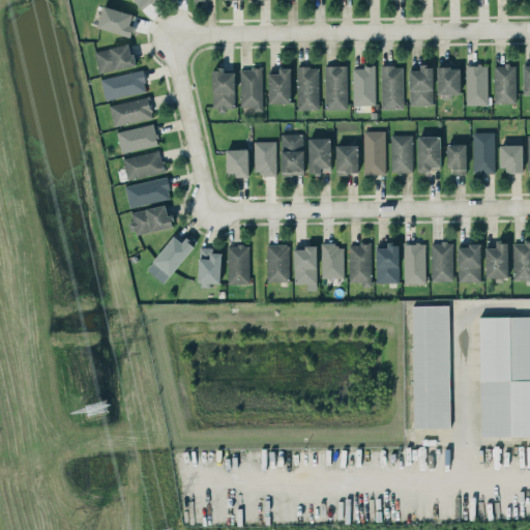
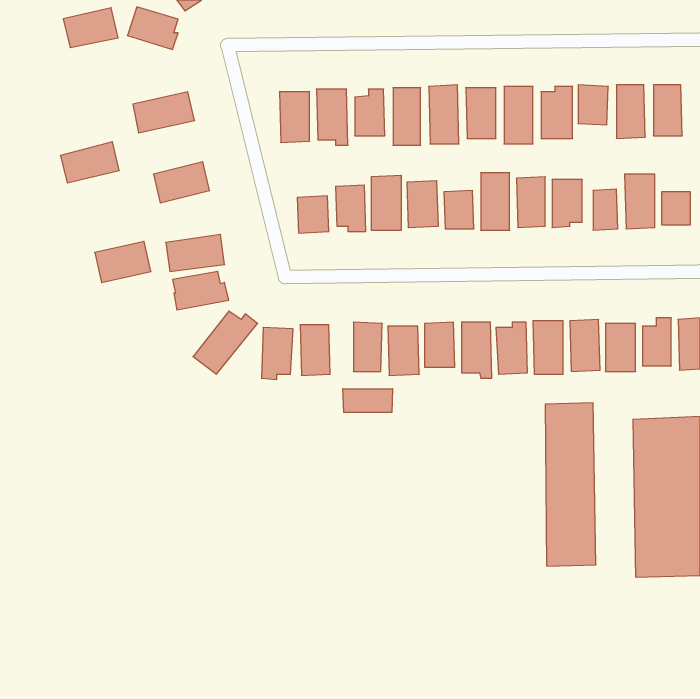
building: [94,43,136,73] -> [63,8,118,48]
building: [109,96,153,127] -> [60,142,119,183]
building: [122,150,165,181] -> [95,241,151,283]
building: none -> [343,389,393,412]

